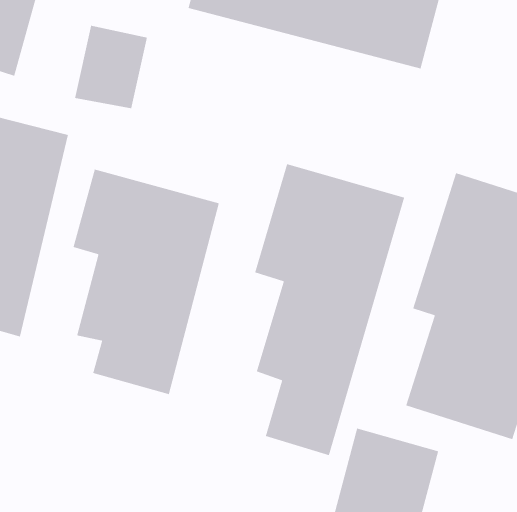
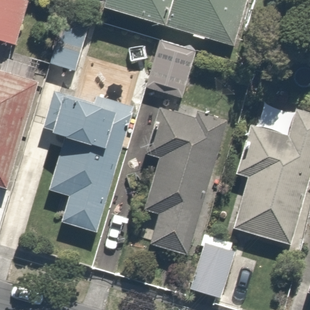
building: none -> [141,37,196,93]

